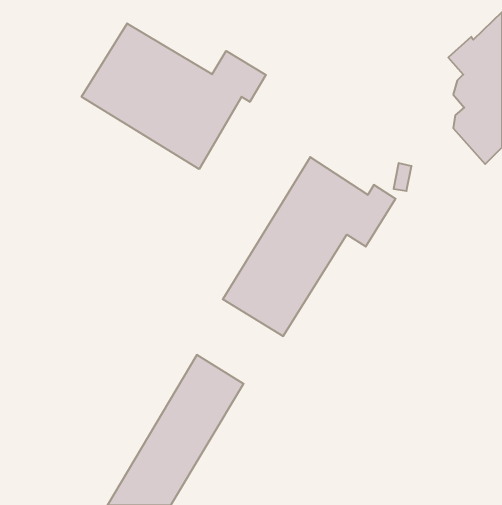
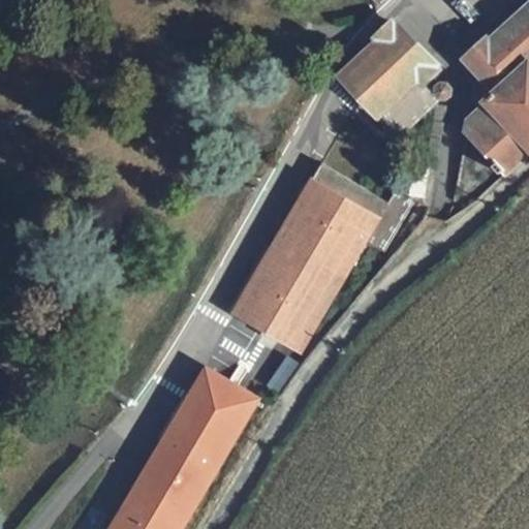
building: [82,23,266,169] -> none
building: none -> [345,25,438,141]

